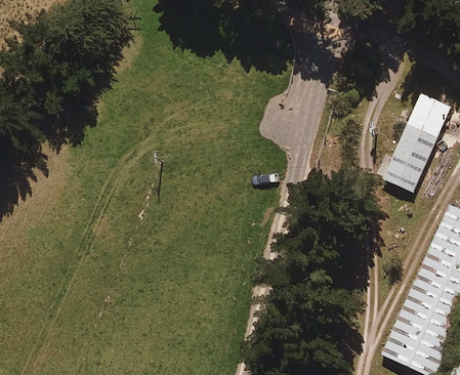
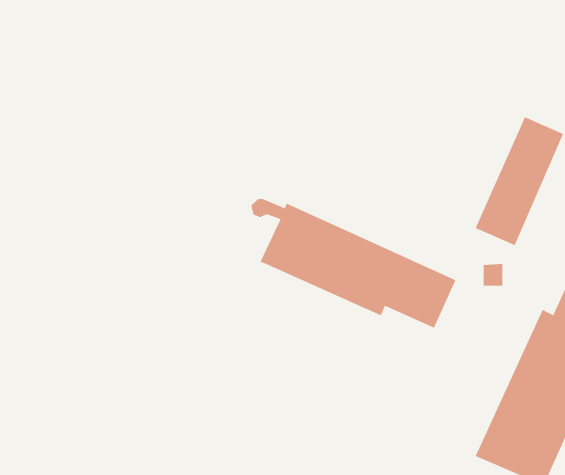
building: none -> [251,198,456,328]

